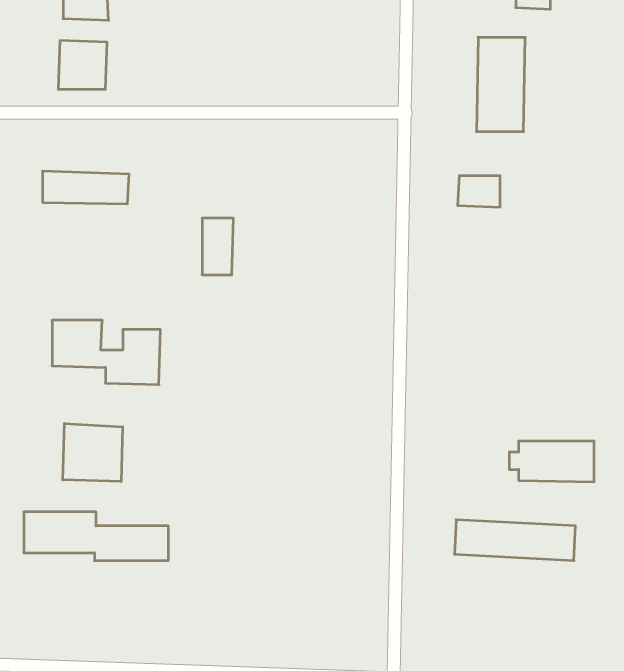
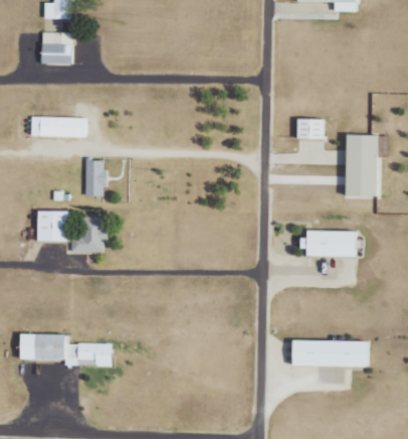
building: [476,37,525,132] -> [346,135,377,195]
building: [202,218,233,275] -> [85,160,106,196]
building: [63,423,123,482] -> none
building: [509,441,594,482] -> [300,231,355,257]

